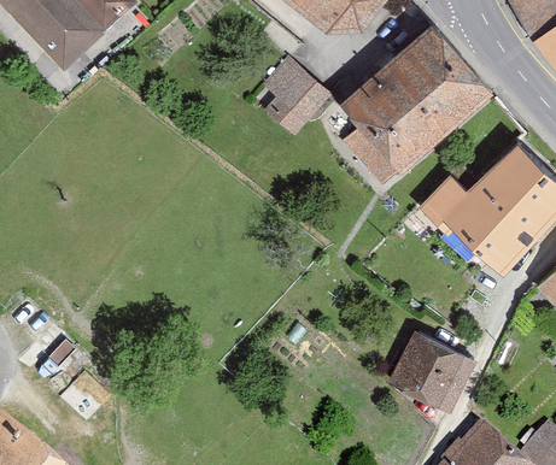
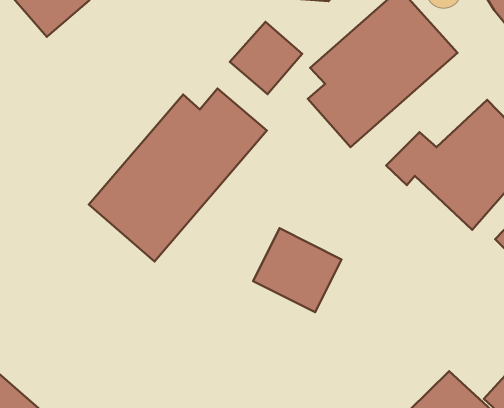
building: none -> [89,88,267,262]
building: [386,324,479,412] -> [253,228,342,312]

